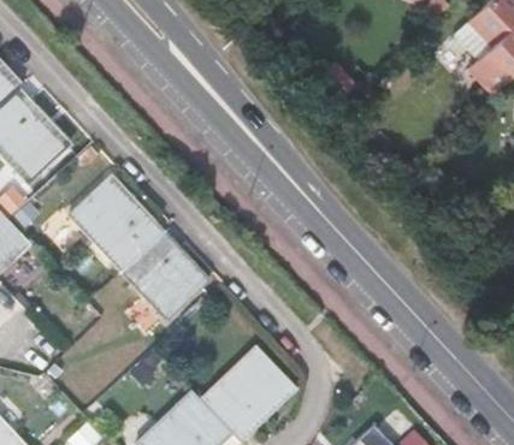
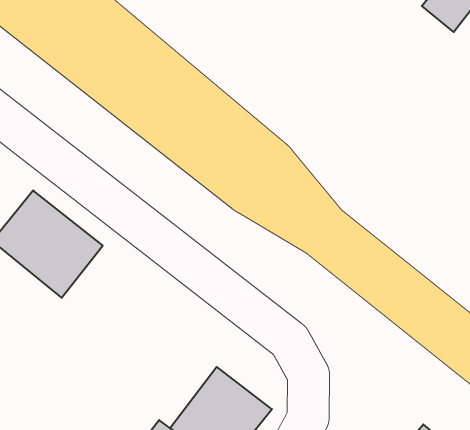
building: [122,232,208,320] -> none

